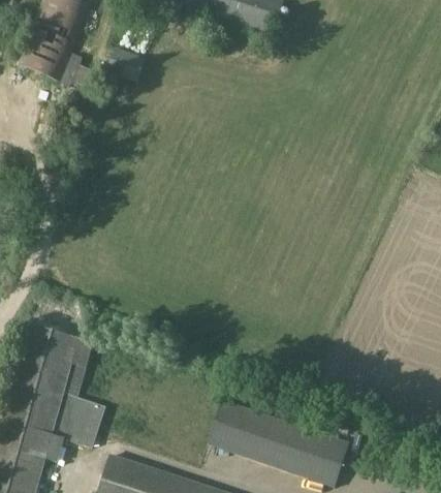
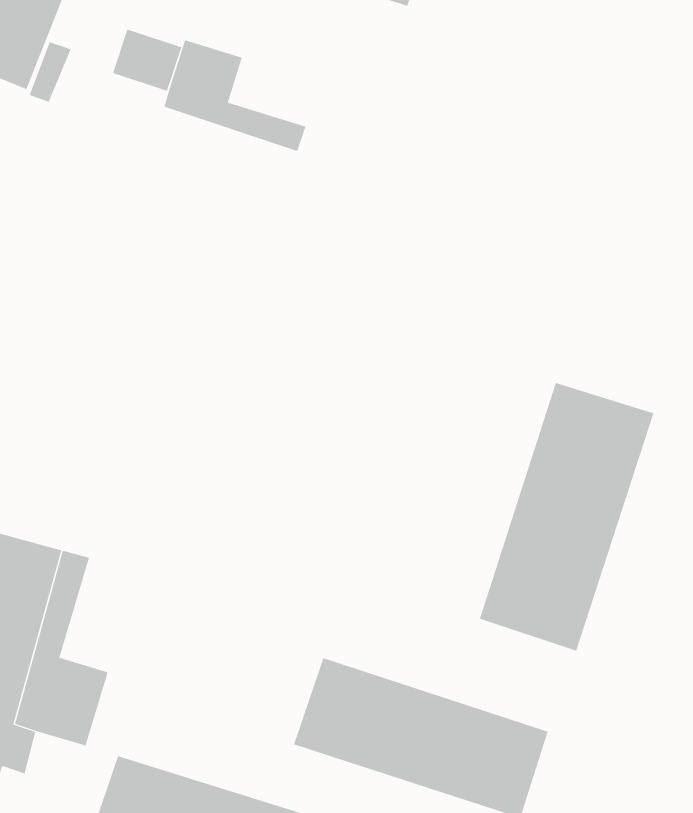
building: none -> [164,40,306,152]
building: none -> [479,382,654,652]

